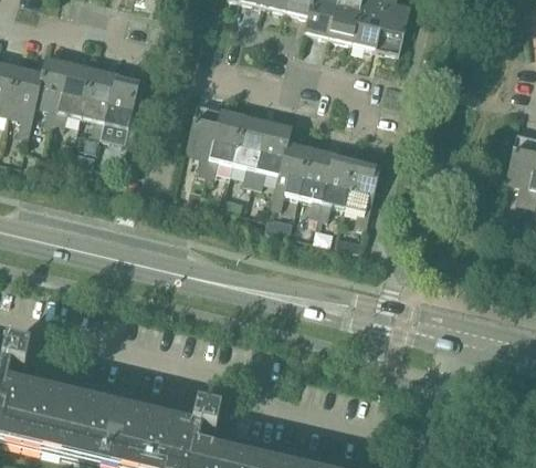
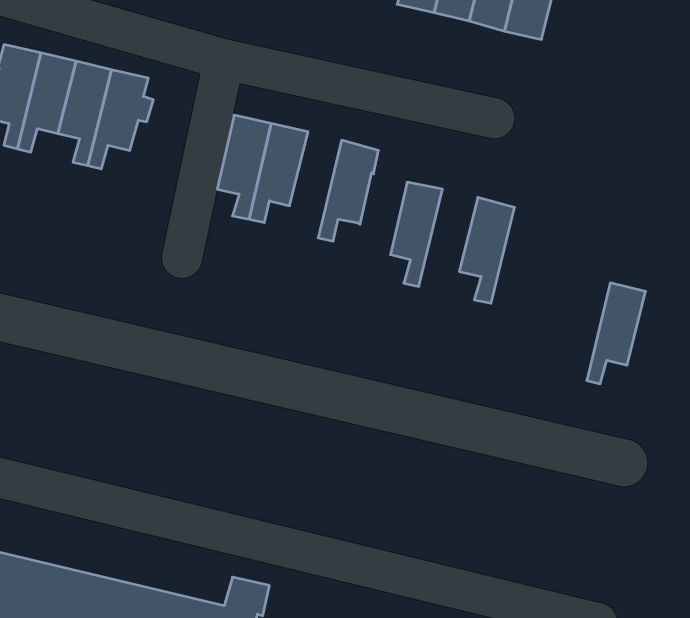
building: [232,114,266,184] -> none
building: [270,141,309,206] -> none
building: [317,152,356,218] -> [587,283,646,384]

